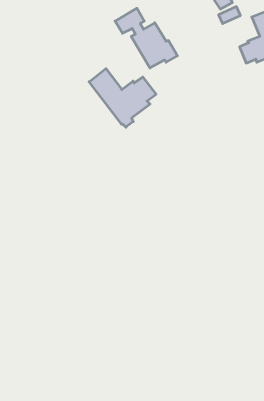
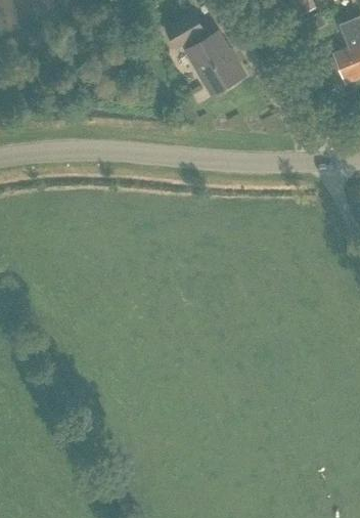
building: [89,69,156,127] -> none

